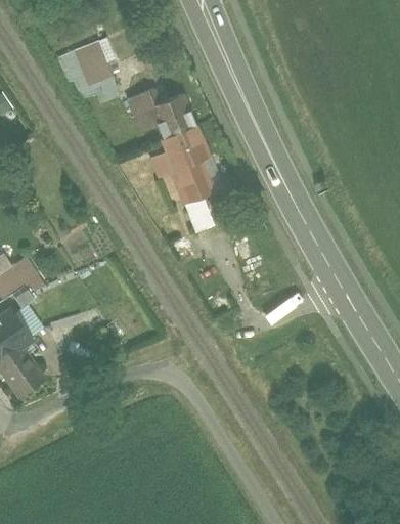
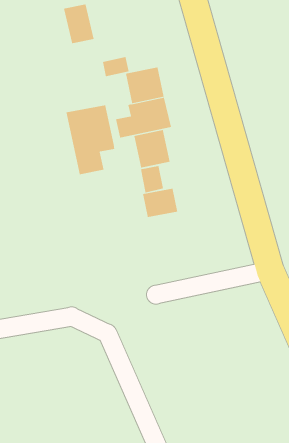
building: none -> [66,104,115,175]
building: none -> [142,188,178,218]

